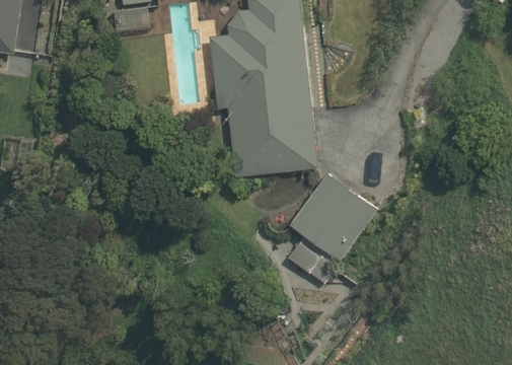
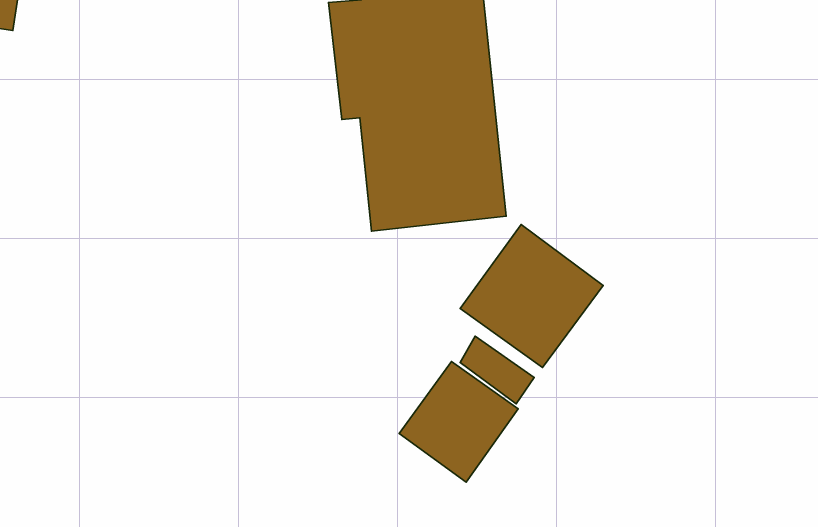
building: none -> [399,362,518,482]

